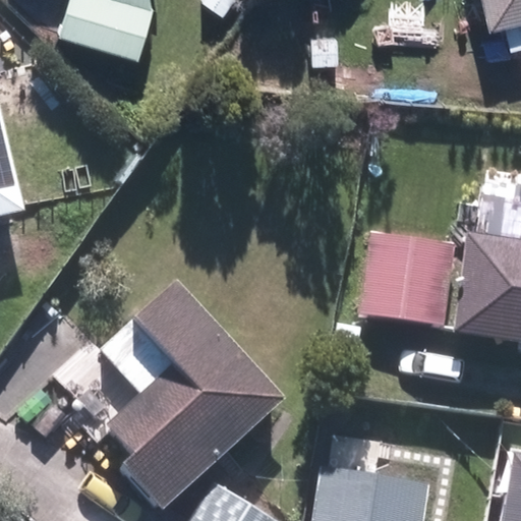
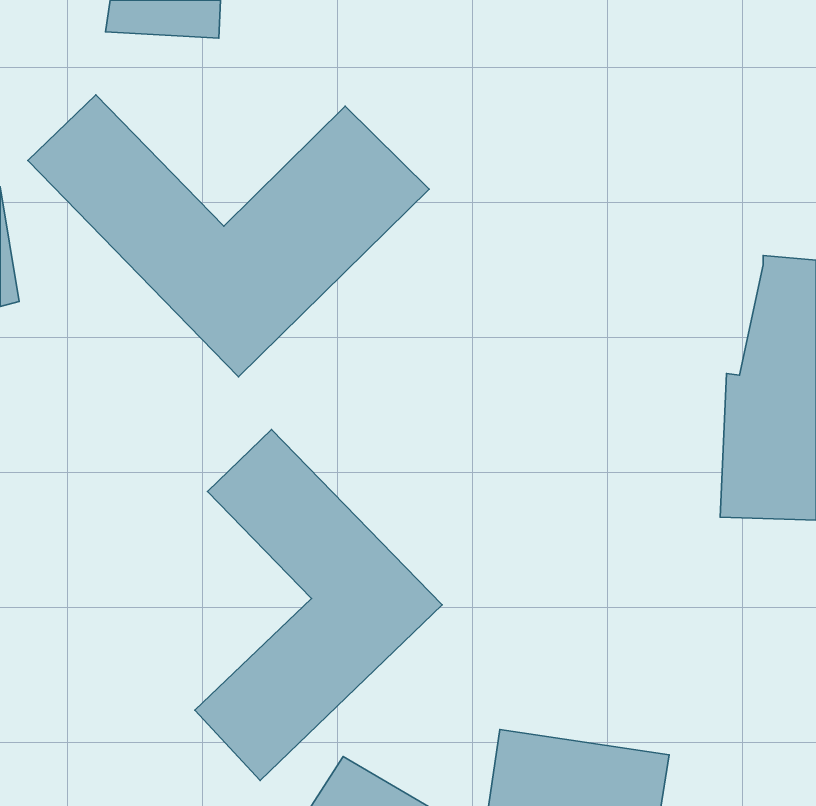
building: none -> [28,95,429,377]
building: [366,234,450,324] -> none

